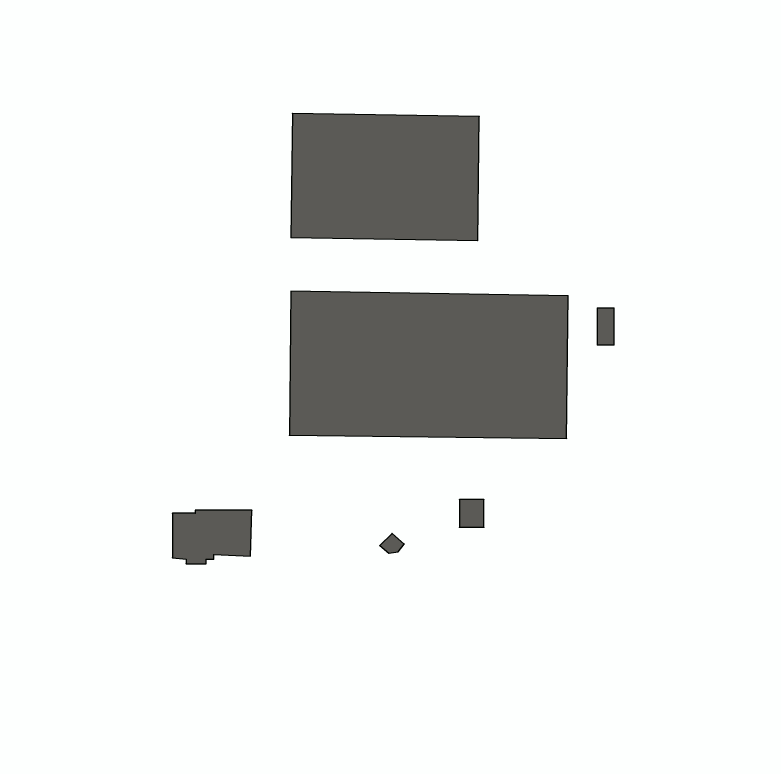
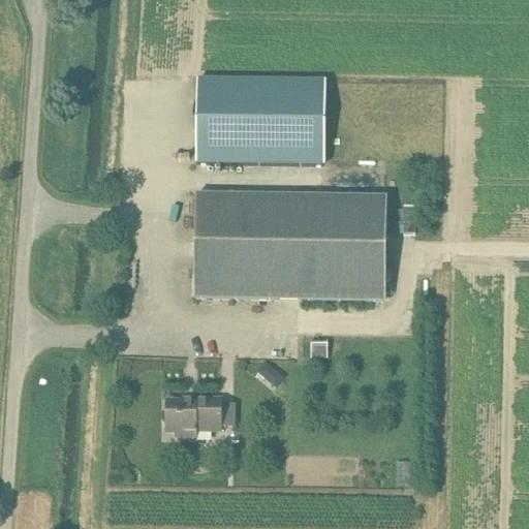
building: [172,510,252,564] -> [168,397,222,433]

